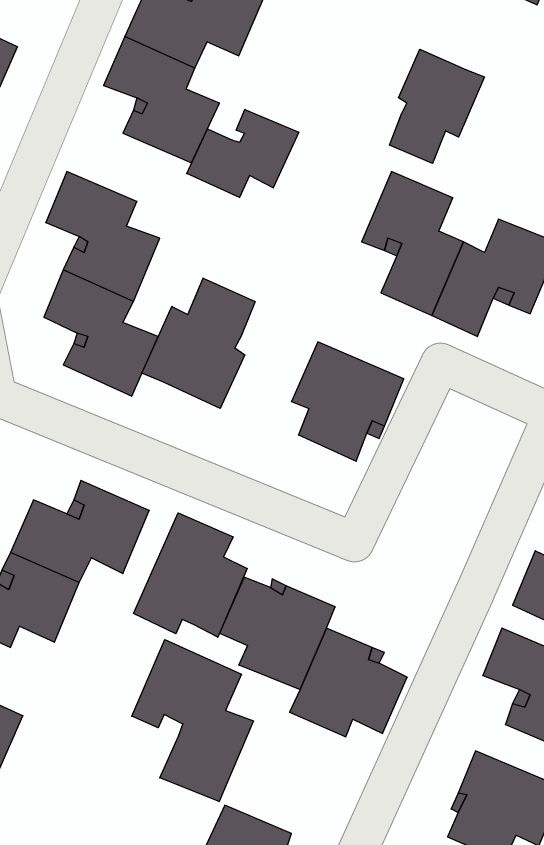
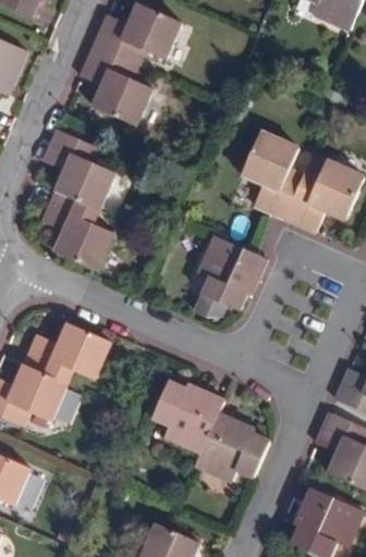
building: [389,49,484,163] -> none
building: [187,109,299,197] -> none
building: [142,278,255,408] -> none
building: [133,513,247,637] -> none
building: [132,640,254,802] -> none

